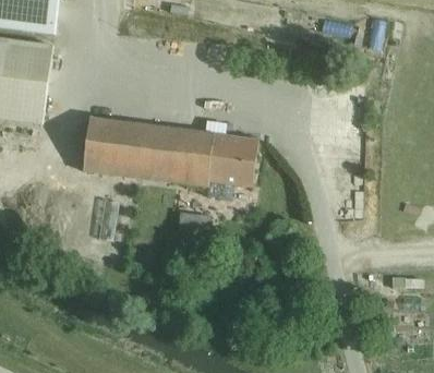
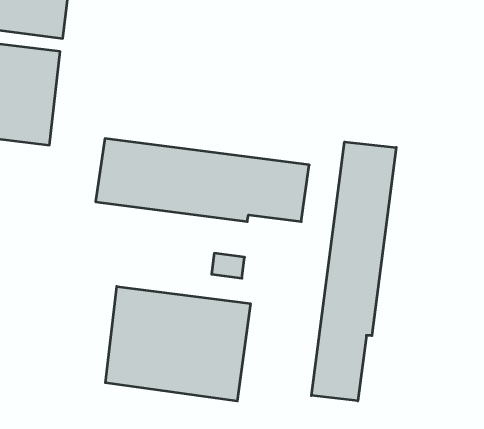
building: none -> [311,142,396,401]
building: none -> [105,286,250,401]

